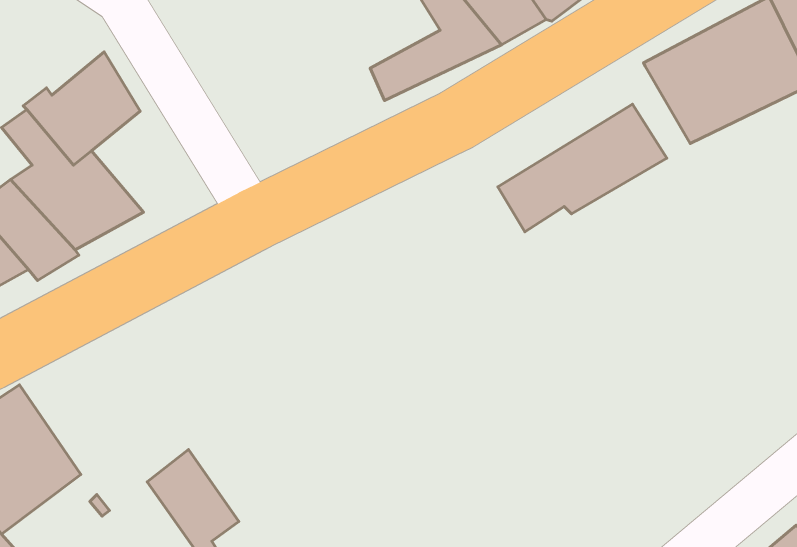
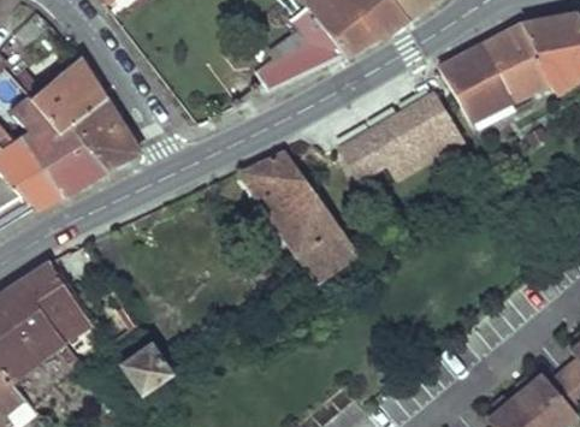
building: none -> [70,97,136,165]
building: none -> [241,150,357,281]
building: none -> [22,261,89,340]

